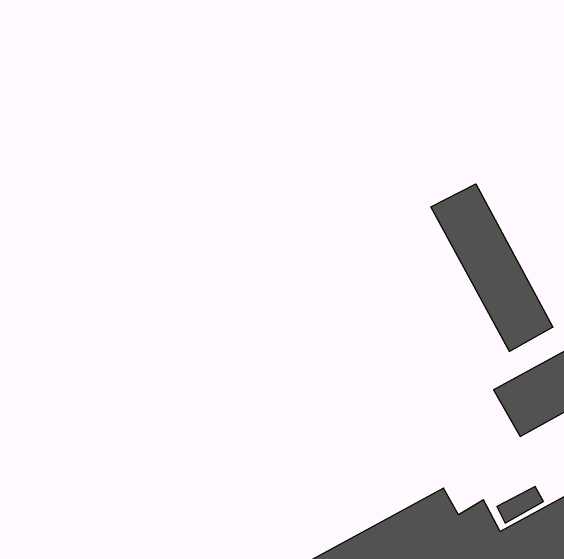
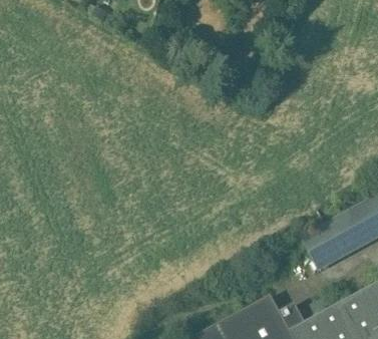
building: [431,184,553,351] -> none

